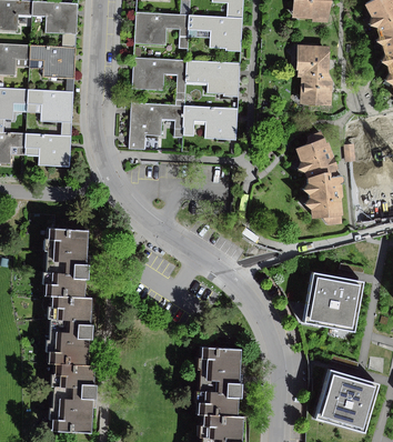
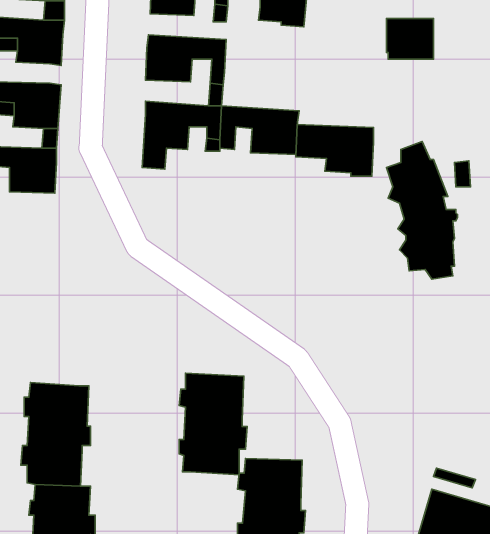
building: [187,60,240,96] -> [296,124,373,176]
building: [300,73,333,106] -> none
building: [46,228,92,298] -> [179,373,247,475]
building: [303,271,362,330] -> none

